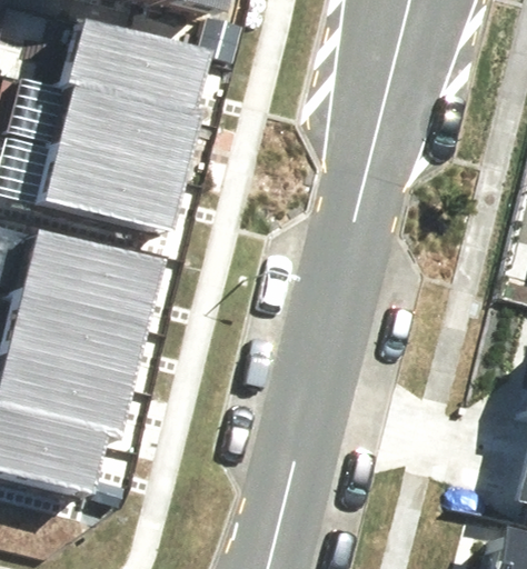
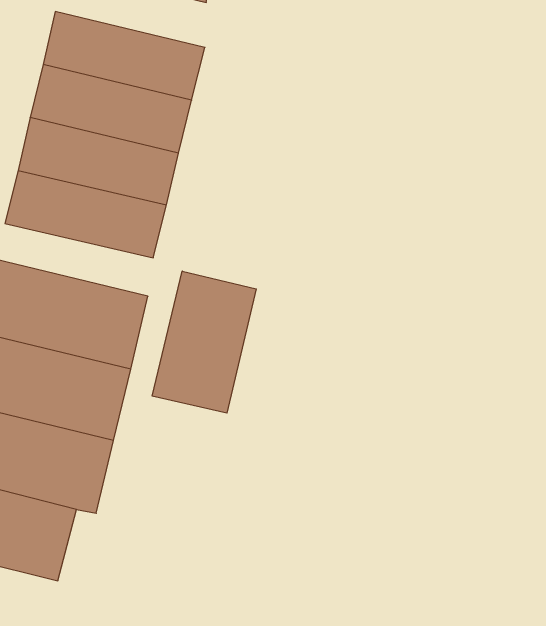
building: none -> [152,271,256,413]

